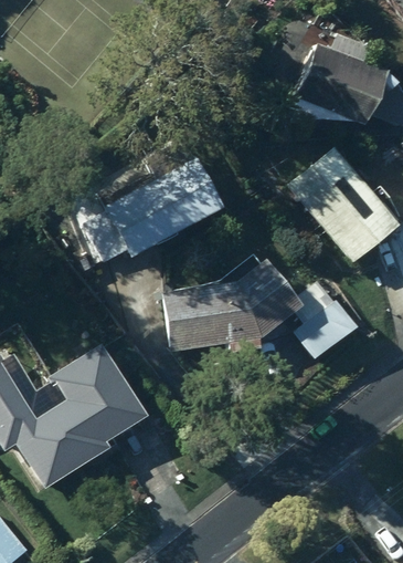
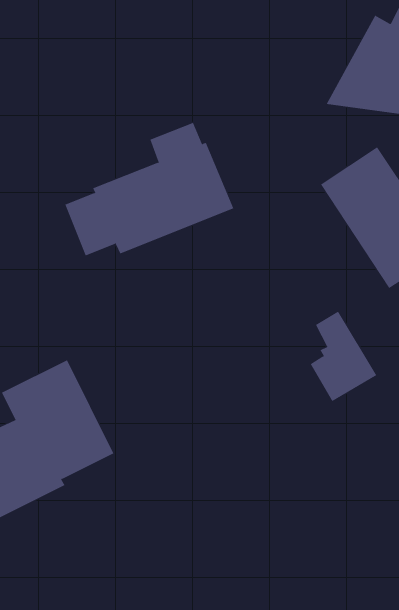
building: [165,254,300,355] -> none

